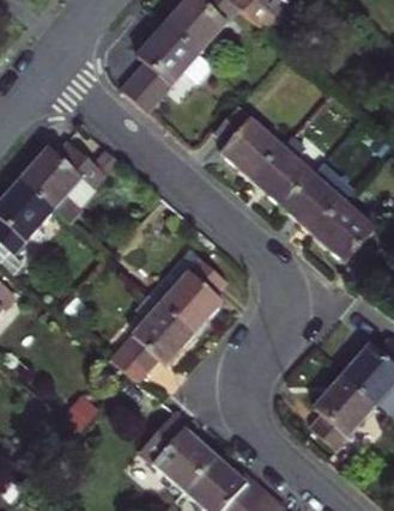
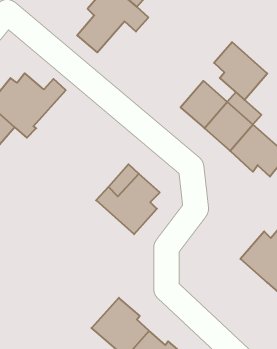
building: [224,111,291,184] -> [214,42,267,100]
building: [104,302,204,390] -> none
building: [308,376,371,449] -> none

